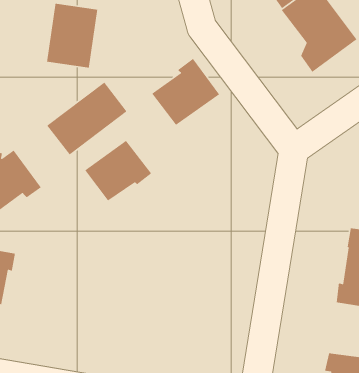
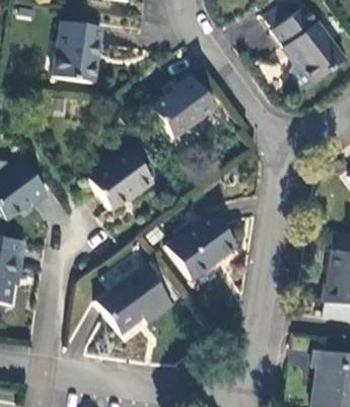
building: [46,82,127,155] -> none
building: none -> [166,213,236,280]
building: none -> [94,266,170,334]

